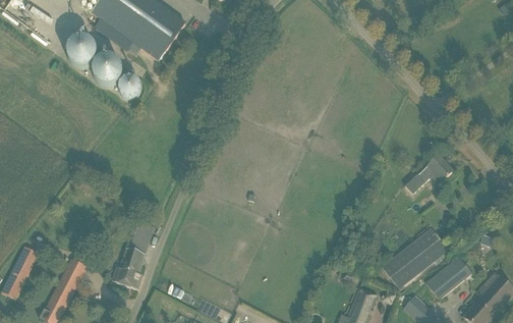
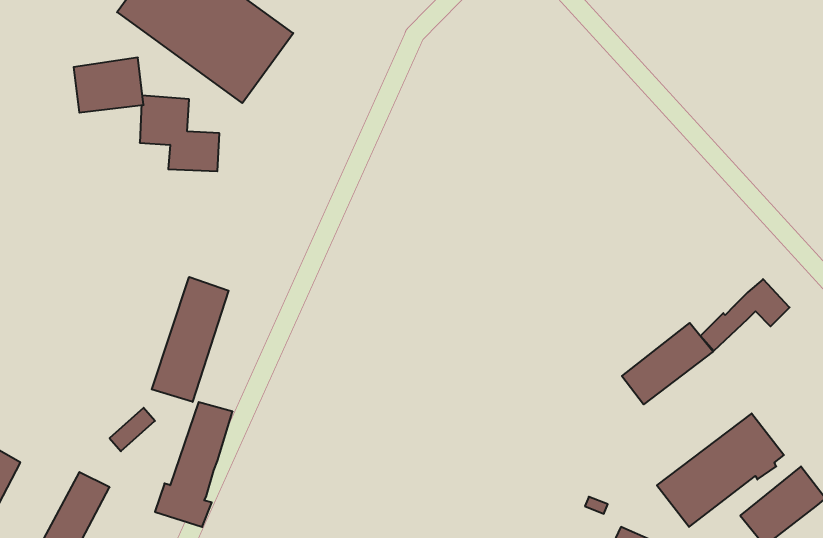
building: none -> [152,277,229,402]
building: none -> [622,323,713,404]

